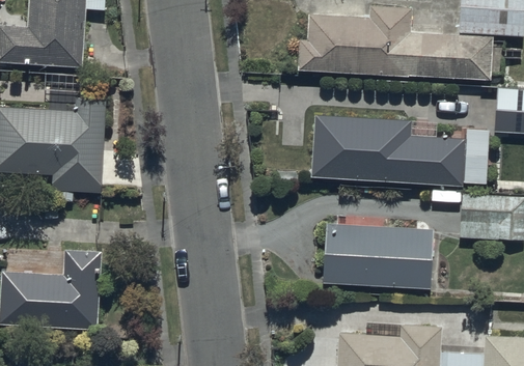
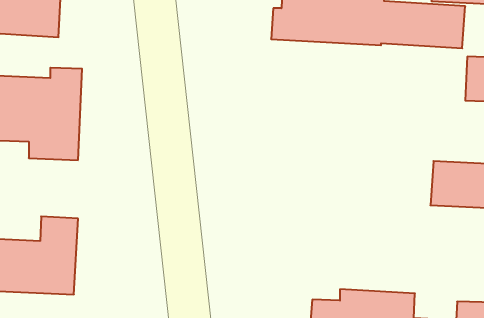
building: [311,115,466,187] -> none
building: [324,224,435,289] -> none

